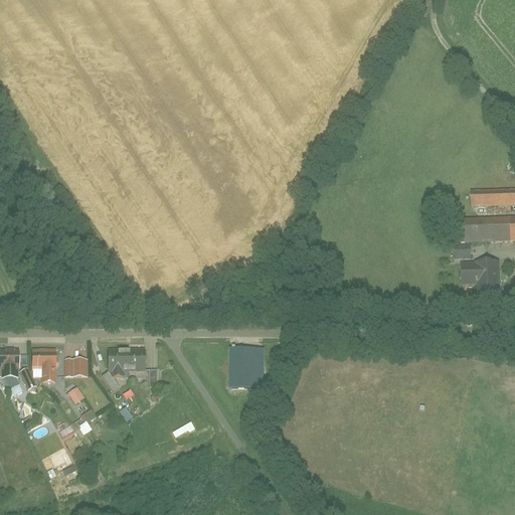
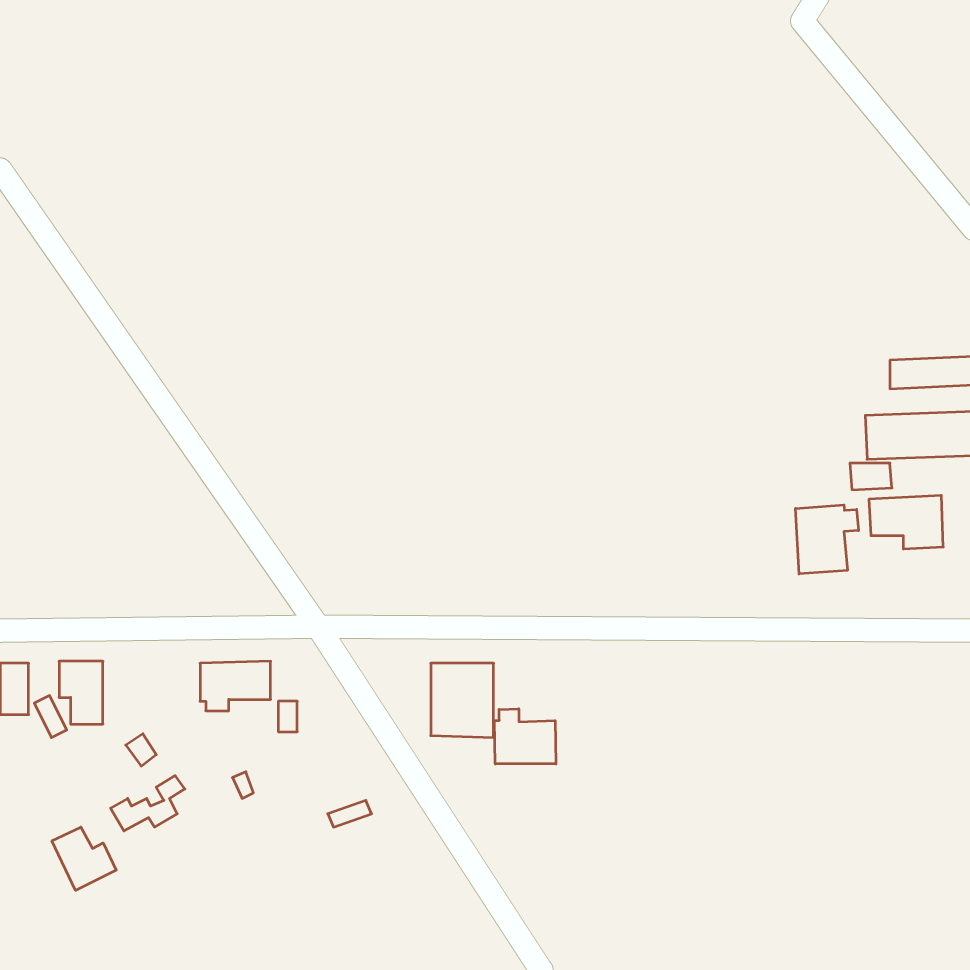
building: none -> [796,505,858,574]
building: [65,359,89,376] -> none
building: none -> [494,709,556,764]
building: none -> [52,827,116,890]

